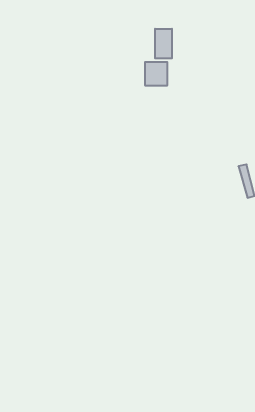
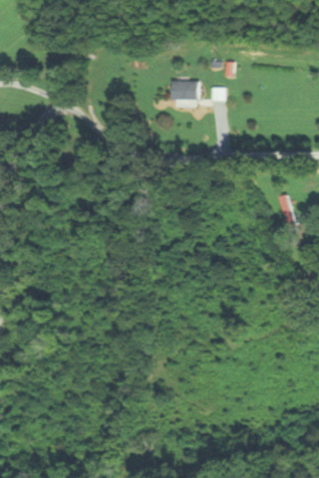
building: [155,29,172,58] -> none

